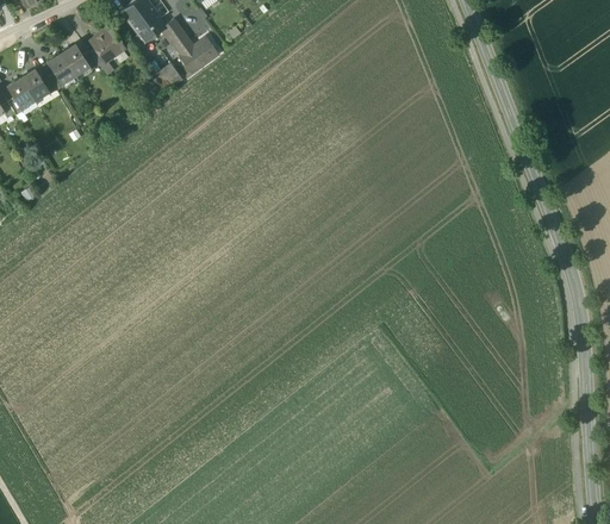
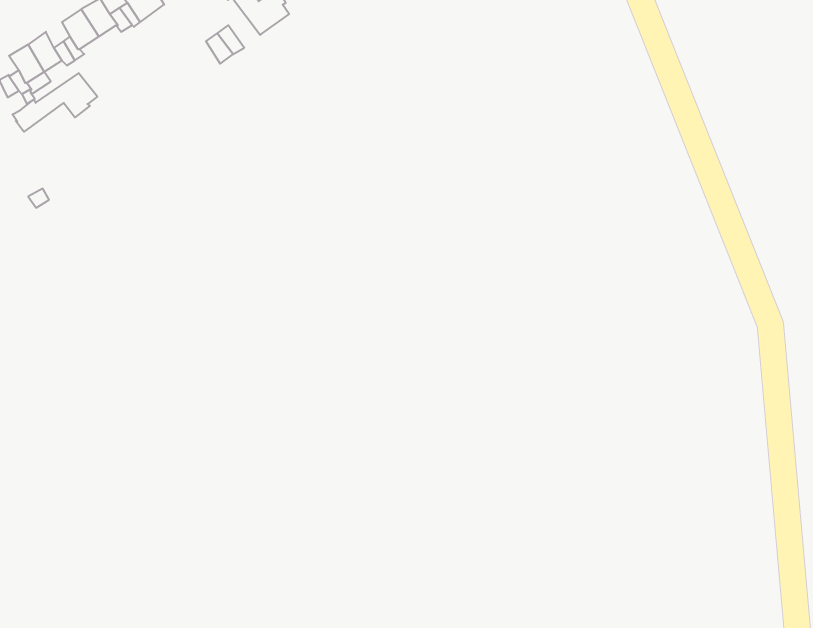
building: none -> [12,73,97,132]

